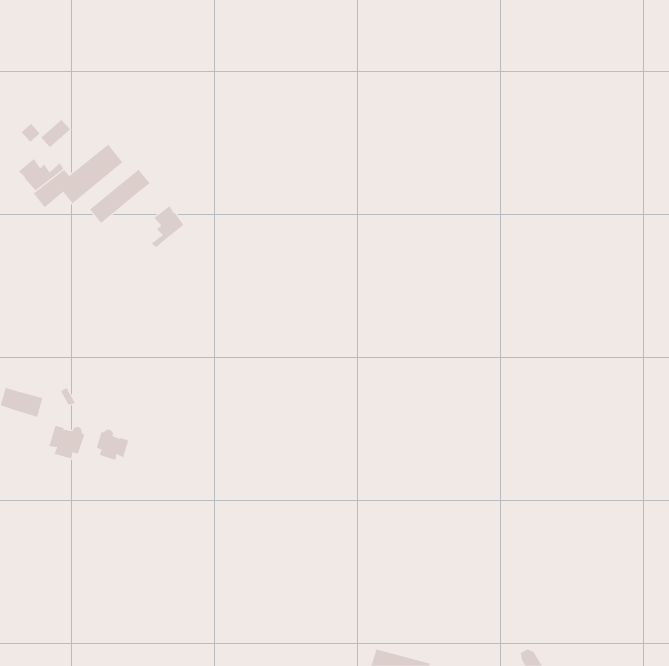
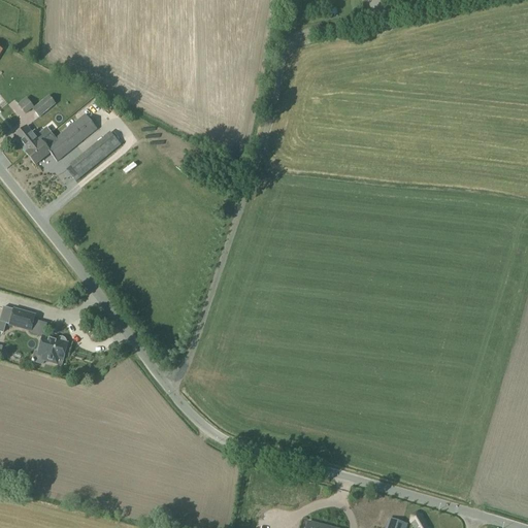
building: [151,205,184,248] -> none
building: [96,429,129,461] -> none

